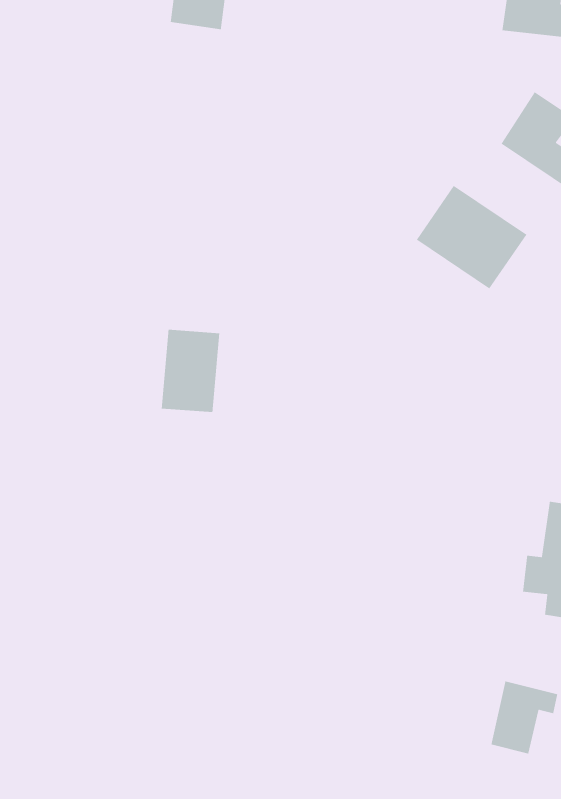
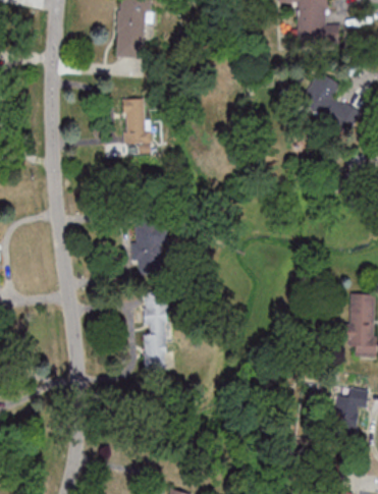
building: none -> [123,99,146,145]
building: [416,185,527,290] -> none
building: none -> [144,292,167,371]

